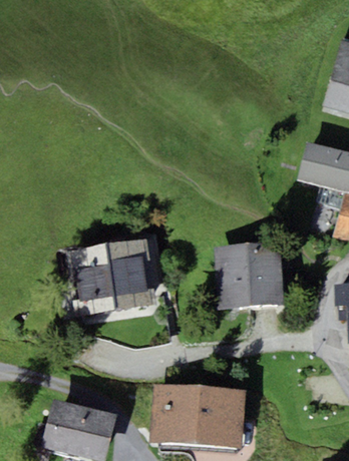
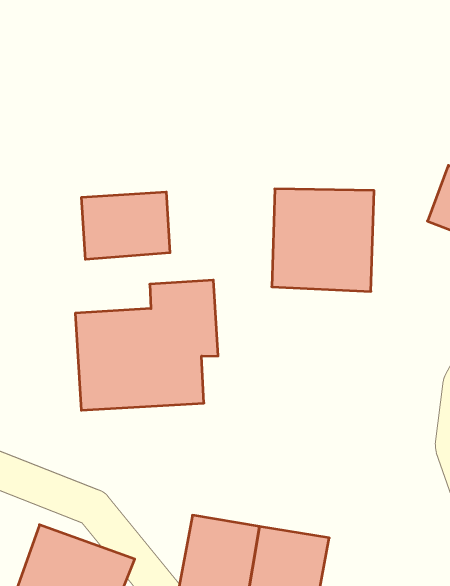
building: none -> [82,192,170,259]
building: [215,245,284,314] -> [272,189,374,291]

